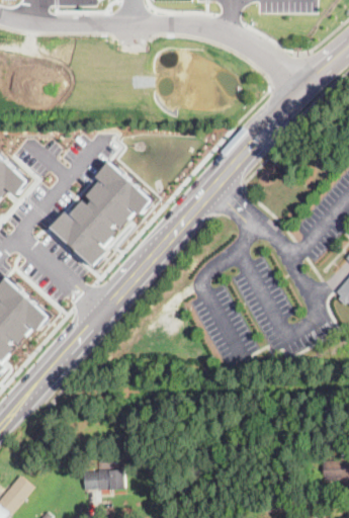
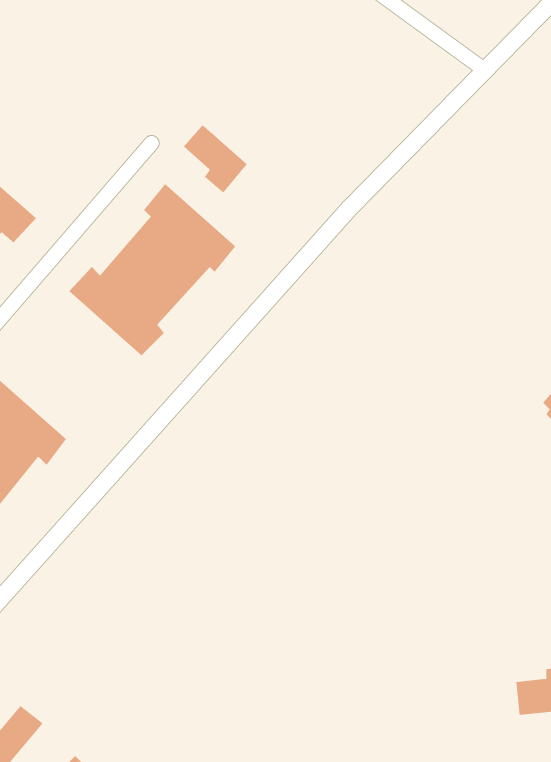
building: none -> [183,125,248,194]
building: [82,470,124,490] -> none

